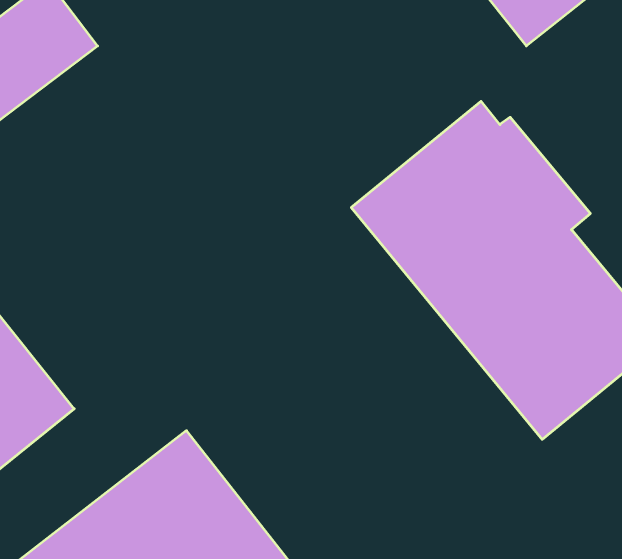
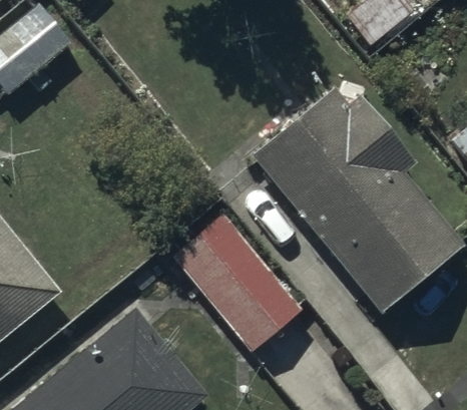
building: none -> [173,213,305,349]

